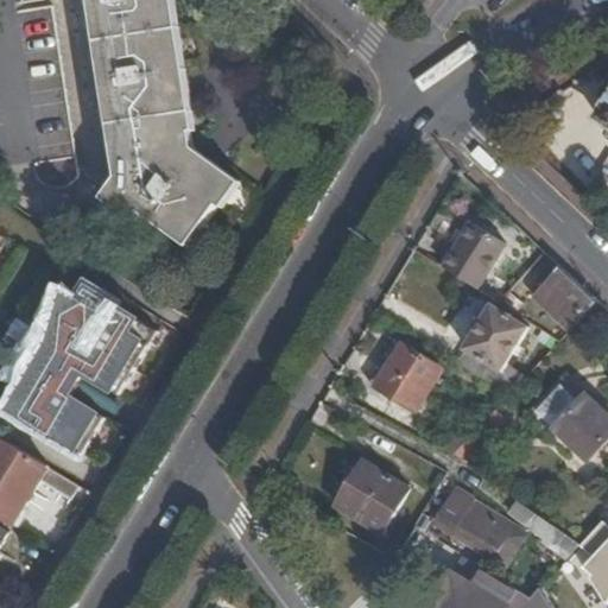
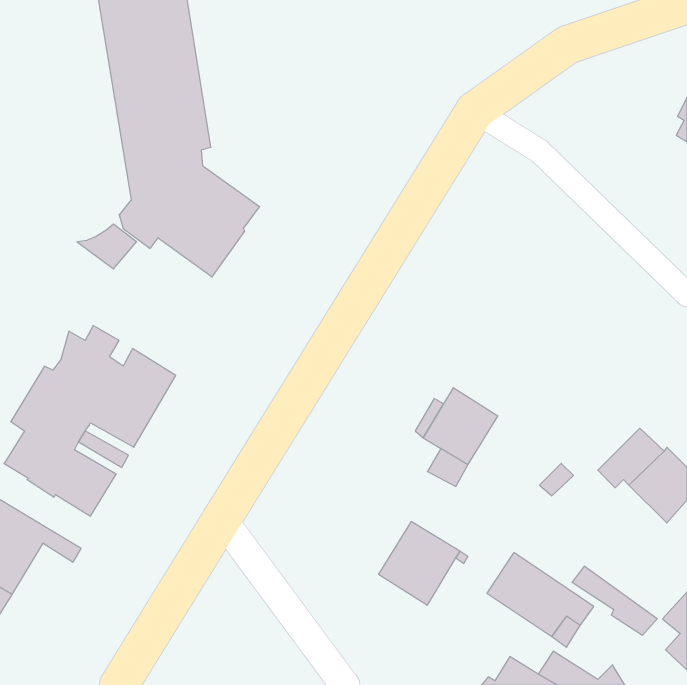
building: [441,218,507,289] -> none
building: [531,260,596,329] -> none
building: [455,303,526,393] -> none

